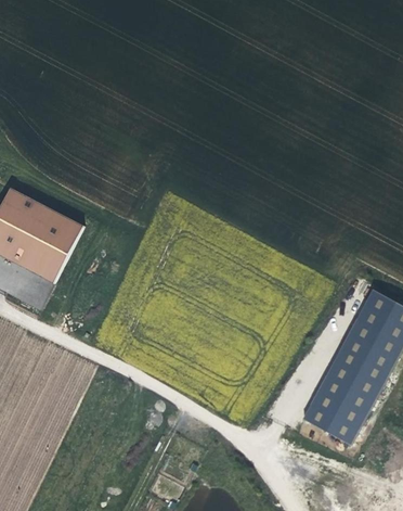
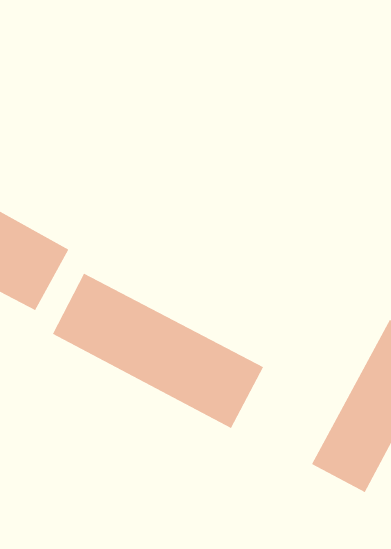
building: none -> [52,273,264,429]

